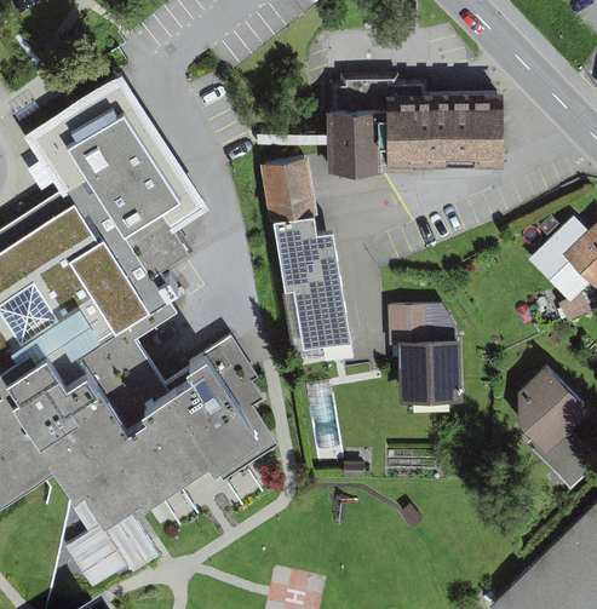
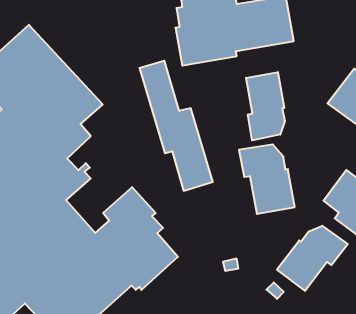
building: none -> [246,72,285,140]
building: none -> [277,226,348,291]

